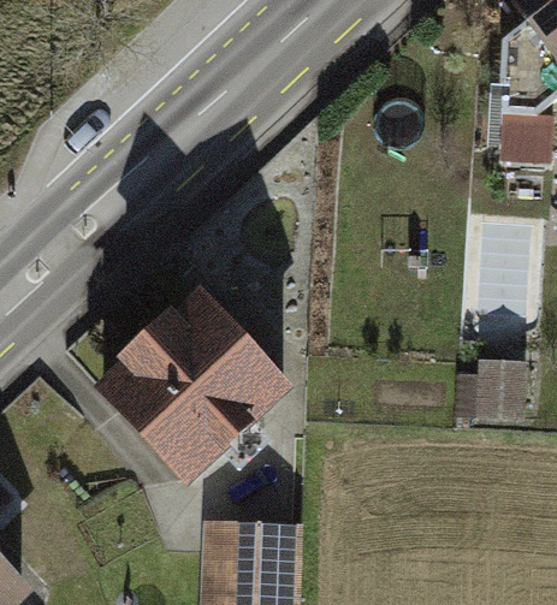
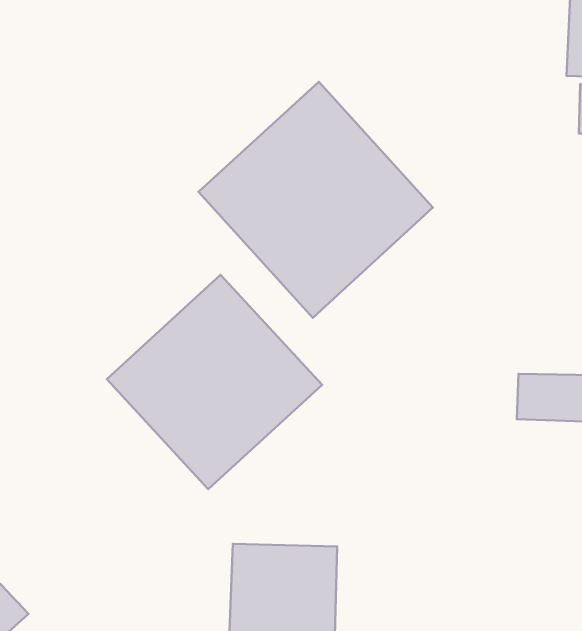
building: none -> [199,82,433,318]

